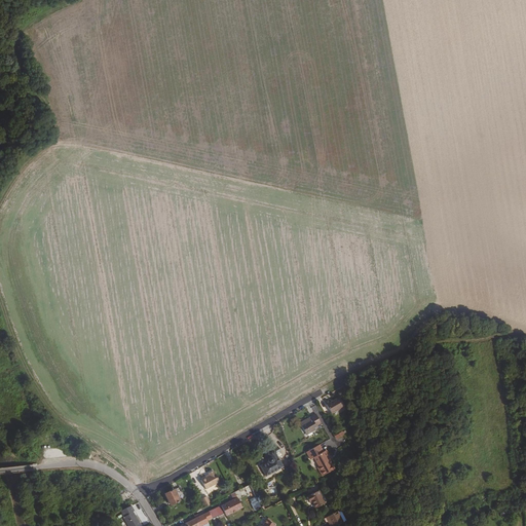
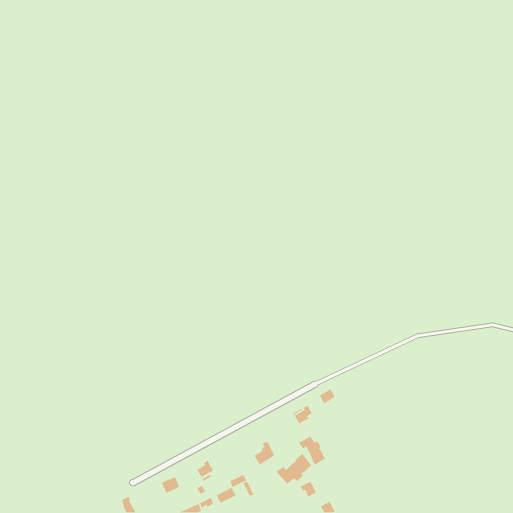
building: none -> [276,453,312,484]

